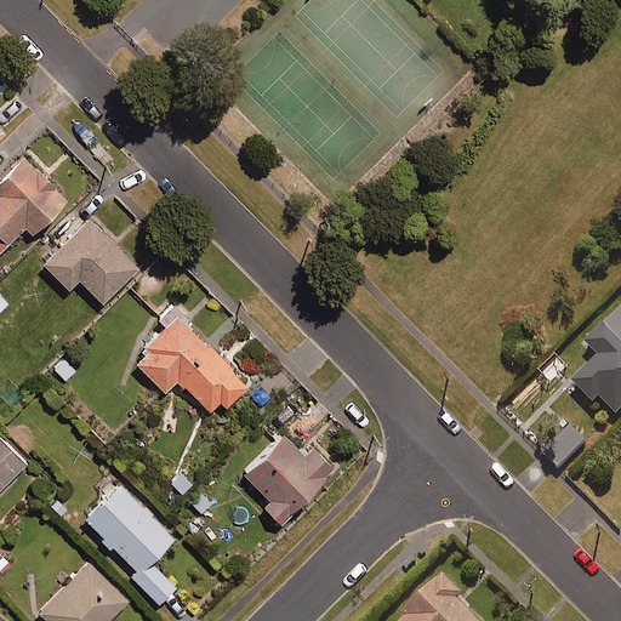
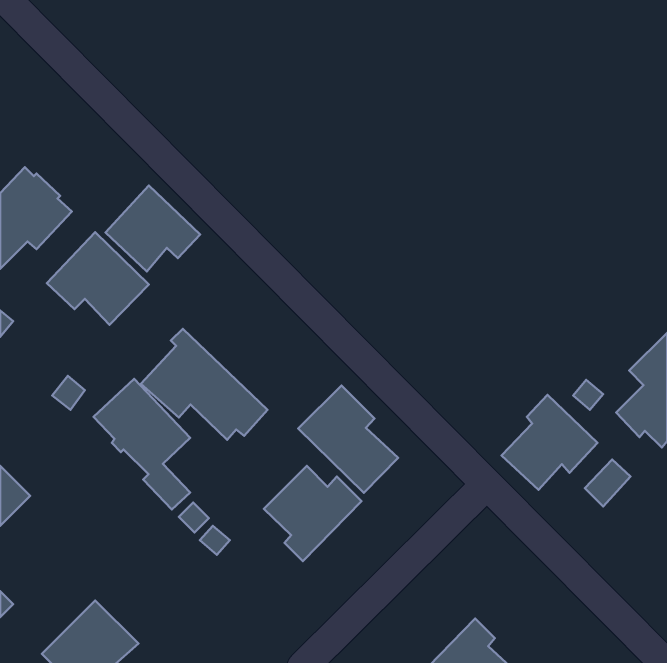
building: none -> [105,186,200,272]
building: none -> [298,385,398,493]
building: none -> [502,395,598,490]
building: [86,484,176,605] -> [94,379,190,509]

